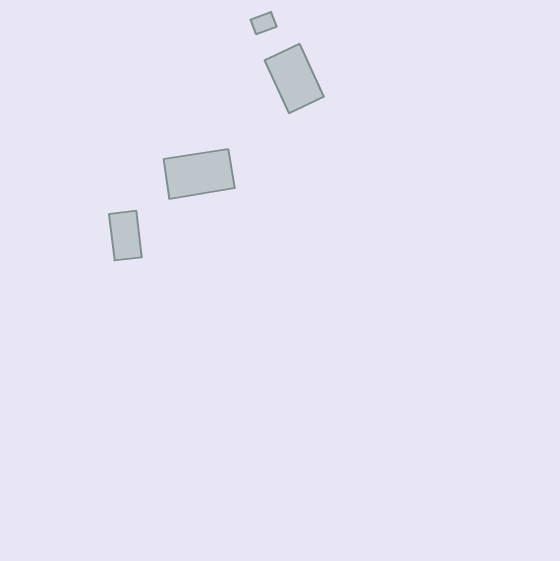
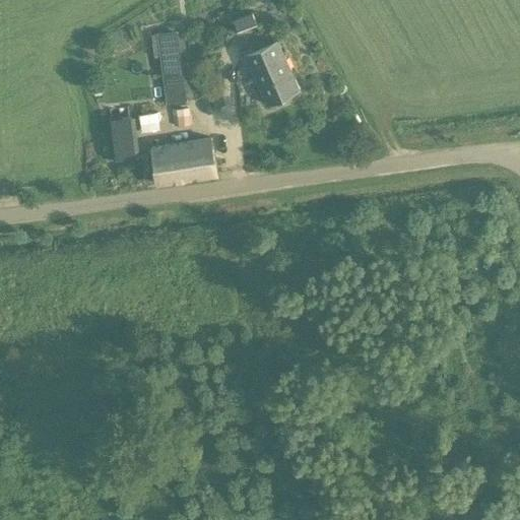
building: none -> [150,31,186,104]
building: [109,211,142,260] -> [109,116,139,161]

